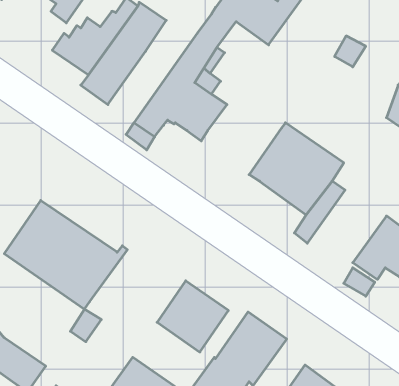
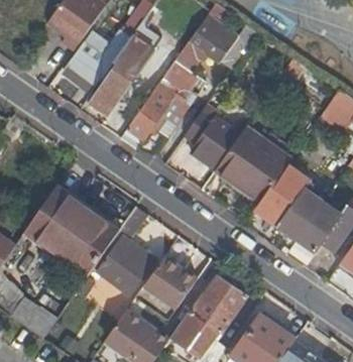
building: none -> [184,103,241,169]
building: none -> [278,190,323,238]
building: none -> [92,209,155,295]

